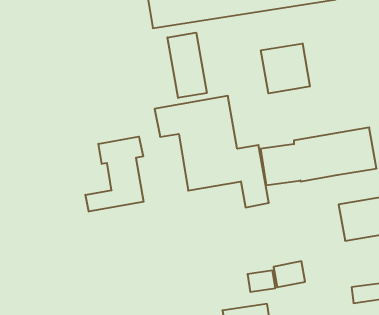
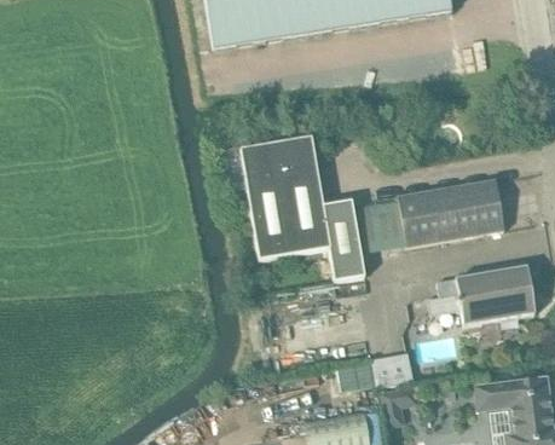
building: [167,33,207,98] -> none
building: [261,43,310,93] -> none
building: [85,137,144,212] -> none

